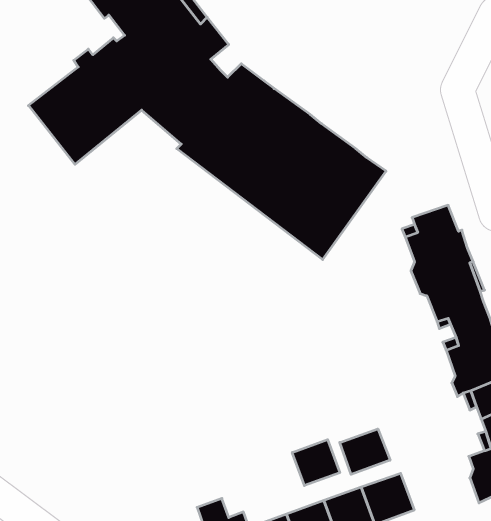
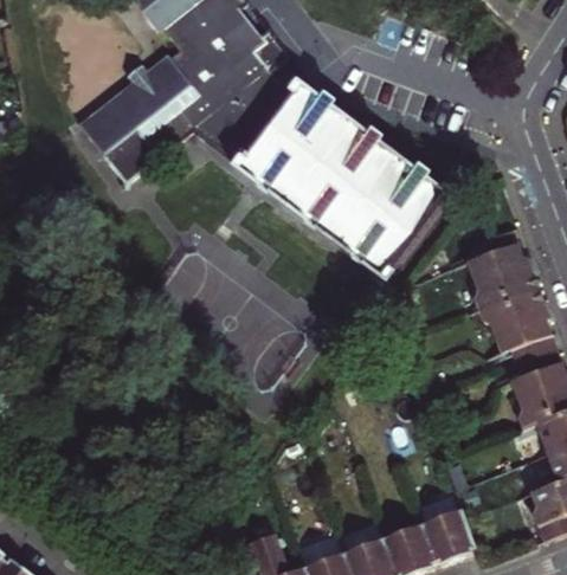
building: [340,429,390,474] -> none
building: [292,440,340,486] -> none

